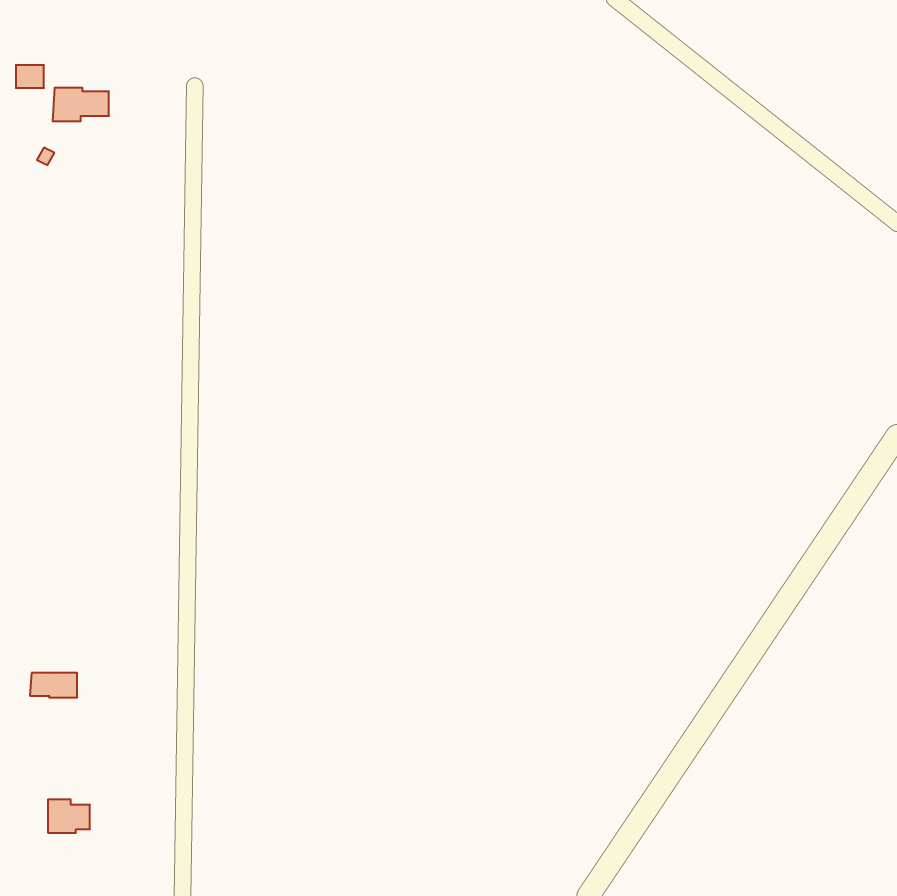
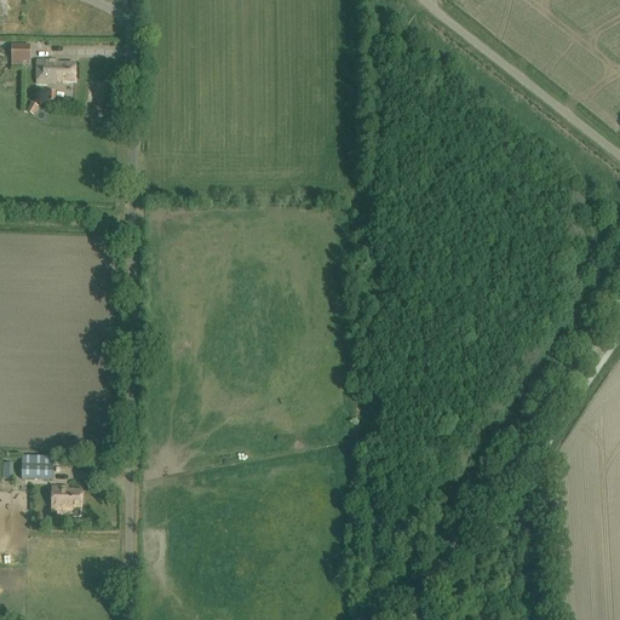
building: [48,799,90,833] -> [52,487,81,510]

